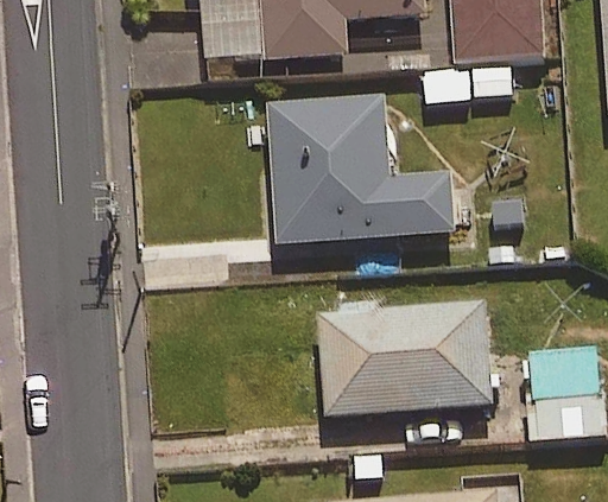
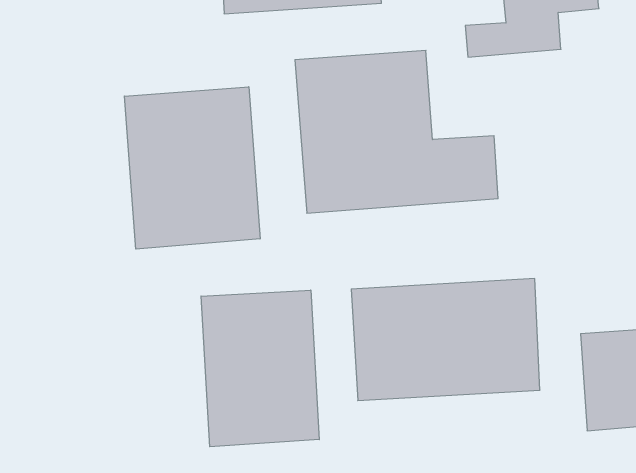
building: none -> [124,87,260,249]
building: none -> [201,290,319,447]

